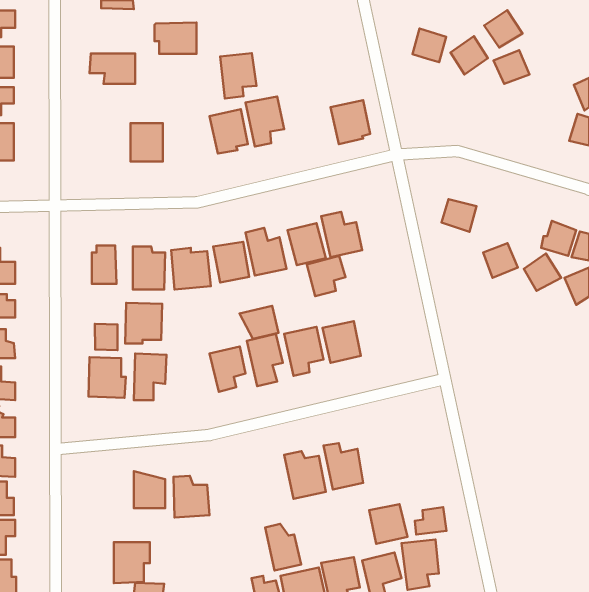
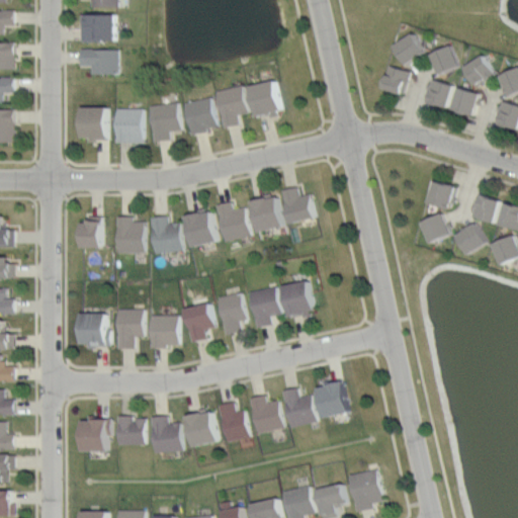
building: [484,10,522,48] -> [461,56,495,88]
building: [155,22,197,54] -> [78,14,114,41]
building: [412,29,446,62] -> [379,66,409,95]
building: [220,53,256,98] -> [149,103,180,143]
building: none -> [424,80,453,108]
building: none -> [450,88,481,116]
building: [331,100,370,144] -> [247,81,281,119]
building: none -> [79,108,105,143]
building: [442,199,476,232] -> [426,182,456,210]
building: [307,256,346,296] -> none
building: [125,303,162,343] -> [147,314,179,349]
building: [239,306,279,339] -> none
building: [95,324,118,350] -> none
building: none -> [187,411,220,447]
building: [369,504,408,544] -> [315,381,348,416]
building: [415,507,446,535] -> none
building: [265,524,301,570] -> [218,402,249,442]
building: [114,542,150,583] -> [80,418,111,453]

